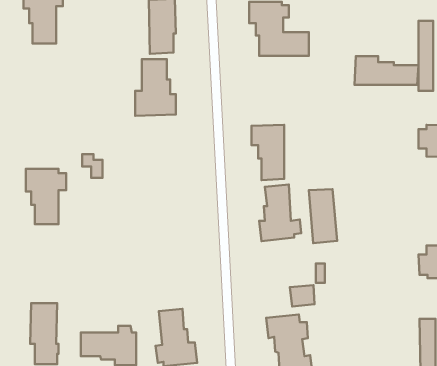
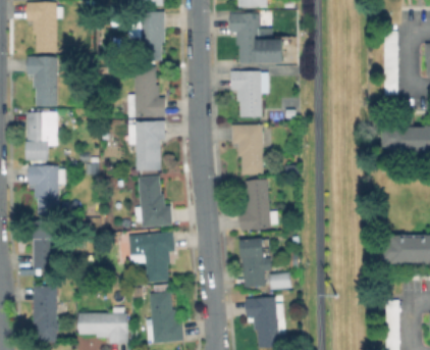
building: none -> [26,56,57,106]
building: [355,56,418,85] -> none
building: none -> [230,71,268,116]
building: none -> [26,112,57,160]
building: none -> [135,120,165,171]
building: none -> [135,177,172,228]
building: [309,189,337,243] -> [240,239,266,288]
building: none -> [33,221,62,268]
building: none -> [128,233,174,283]

